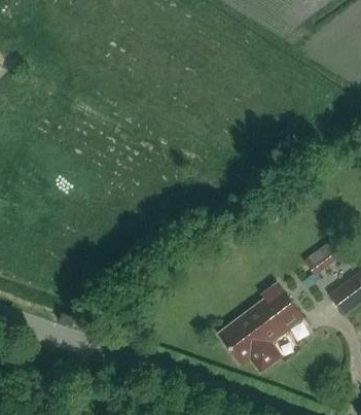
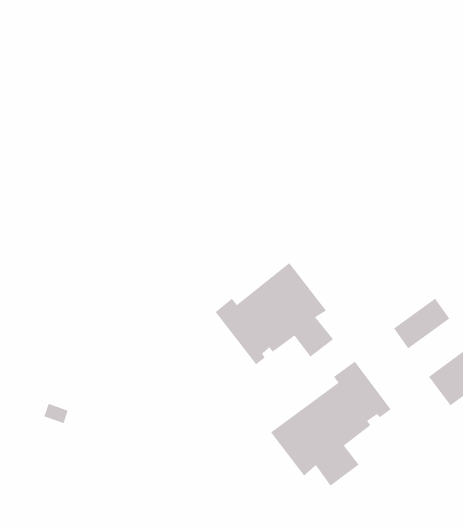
building: none -> [215,262,334,365]

